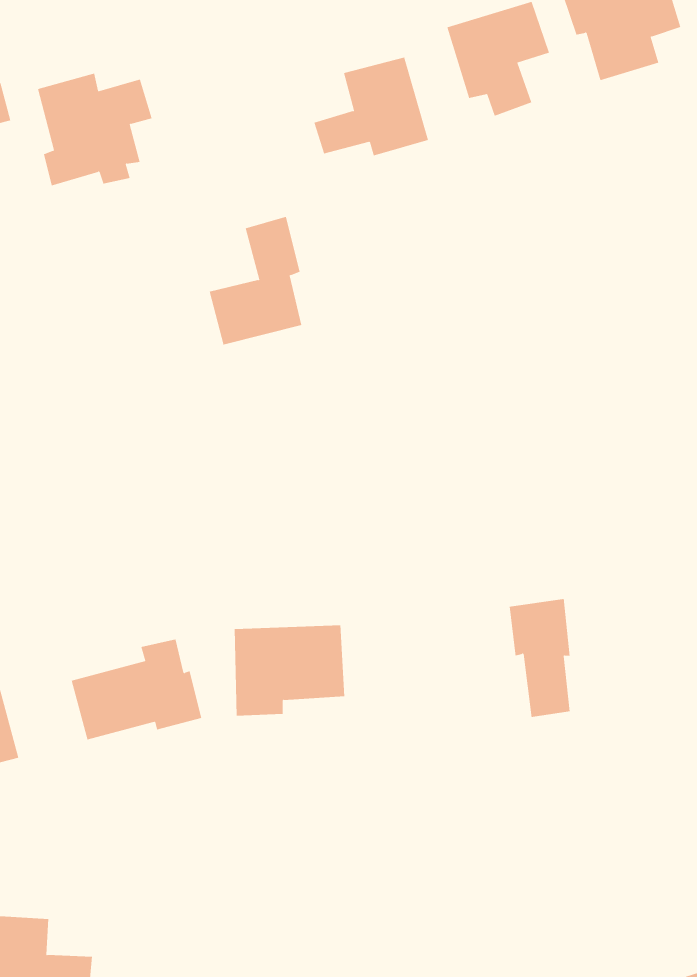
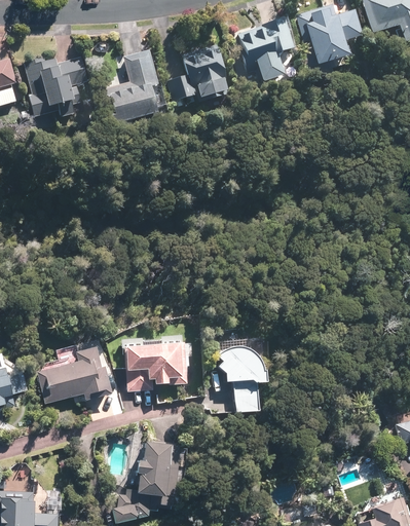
building: [209,216,302,345] -> [108,52,156,119]
building: [509,598,570,718] -> [225,349,257,411]
building: none -> [114,445,185,518]

